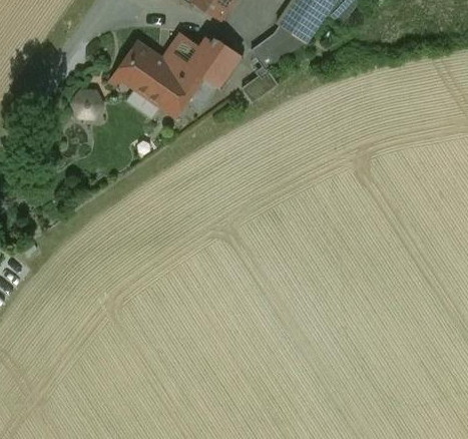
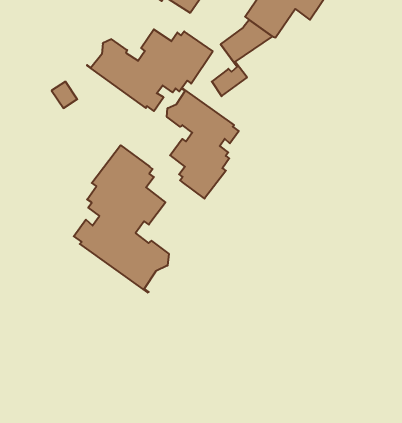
building: none -> [167,88,239,199]
building: none -> [74,145,169,293]

